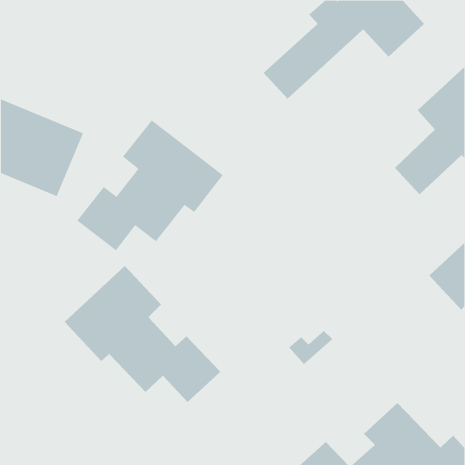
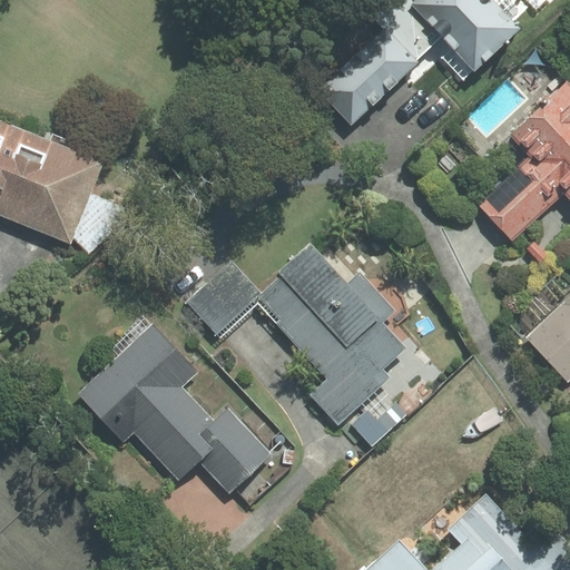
building: [76,120,224,251] -> none
building: none -> [189,246,406,428]

